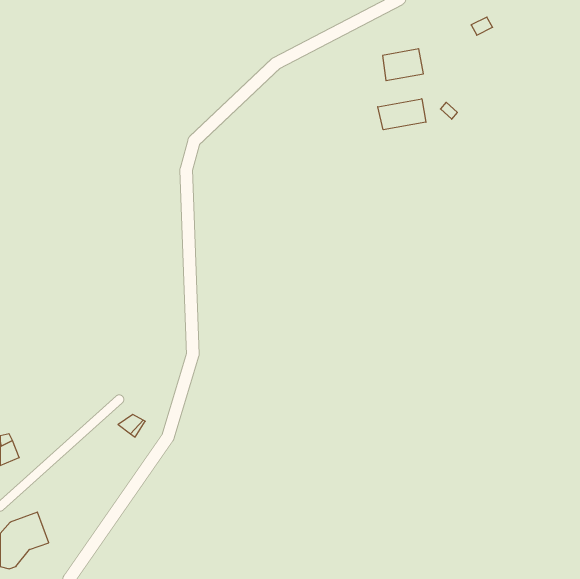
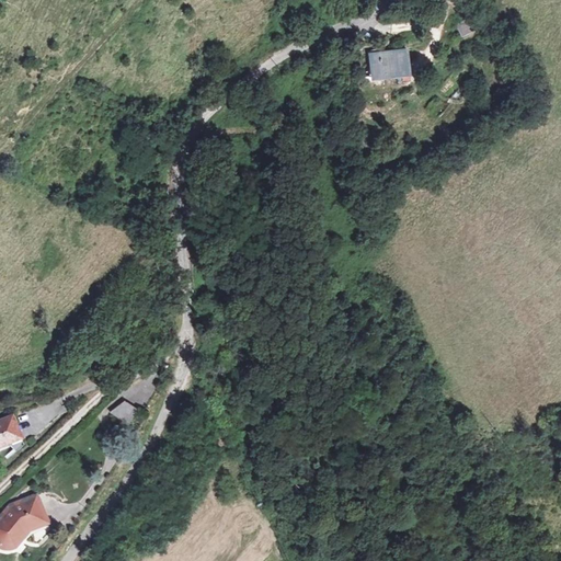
building: [378,99,426,130] -> none

